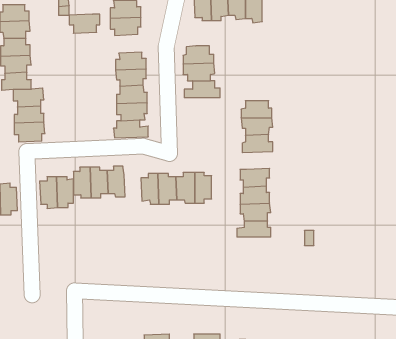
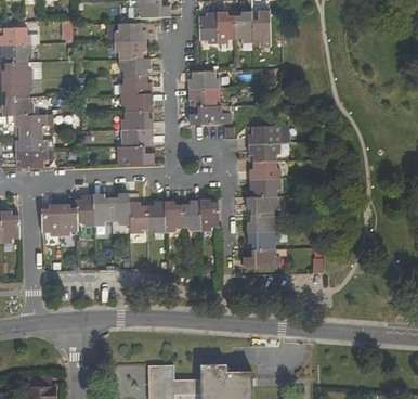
building: [69,14,100,33] -> [118,57,149,77]
building: none -> [249,178,280,196]
building: none -> [128,202,146,233]

